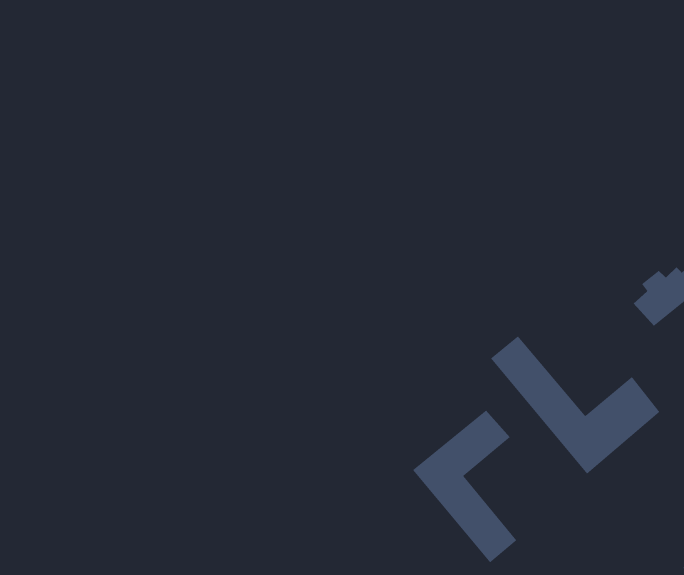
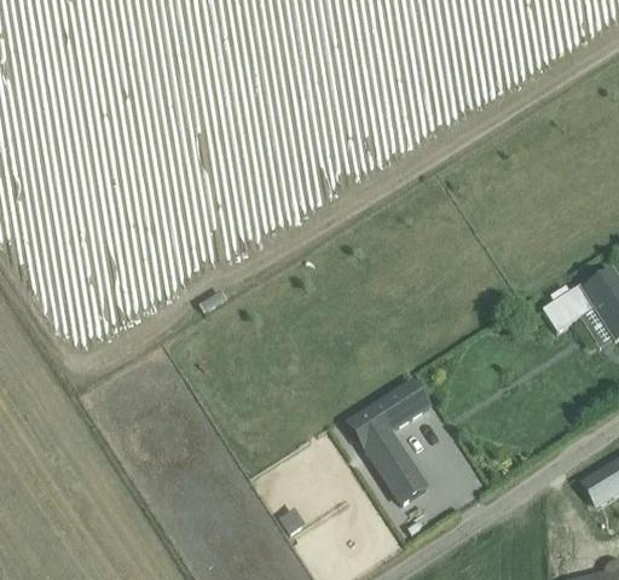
building: [490,335,660,475] -> none

